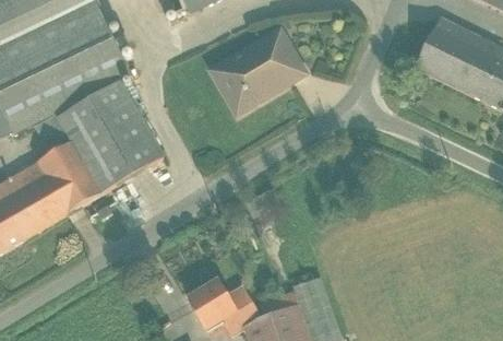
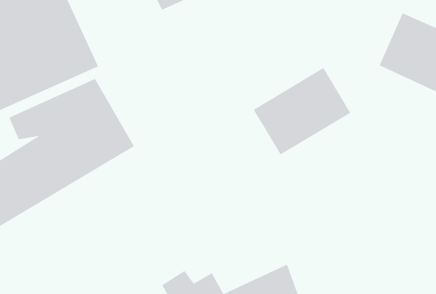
building: [205,25,307,116] -> [253,67,351,155]

